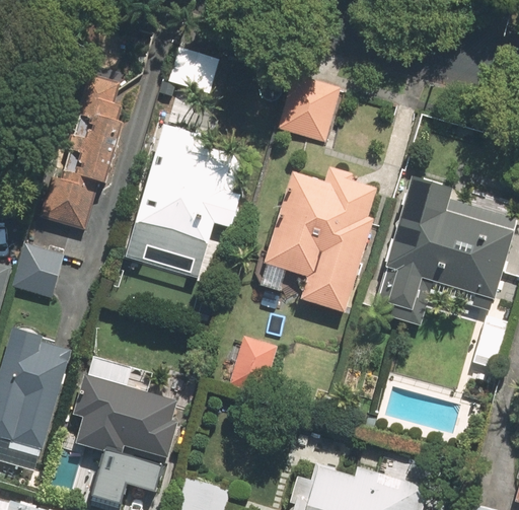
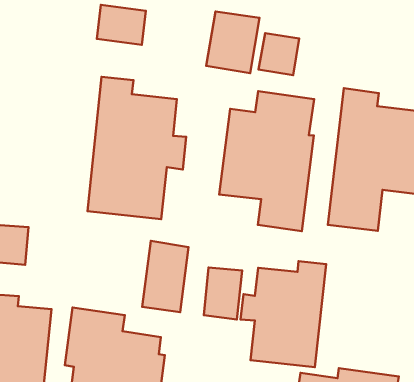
building: [44,76,121,227] -> none
building: none -> [258,33,299,75]
building: none -> [142,241,189,312]
building: none -> [241,261,326,367]

